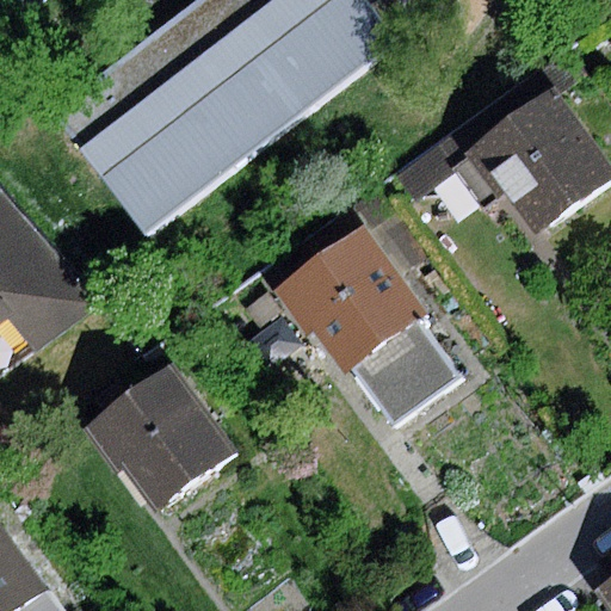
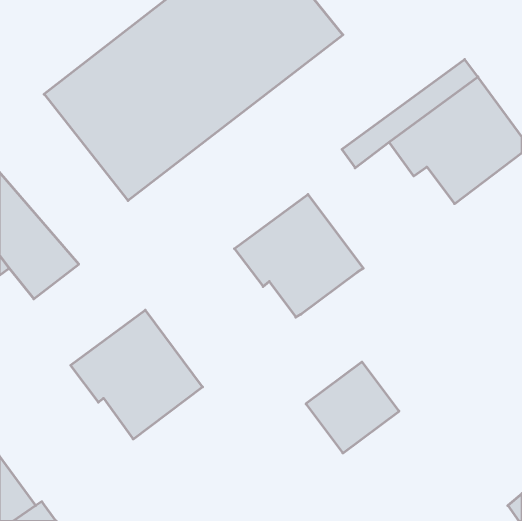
building: [351,317,459,424] -> [306,362,399,453]

